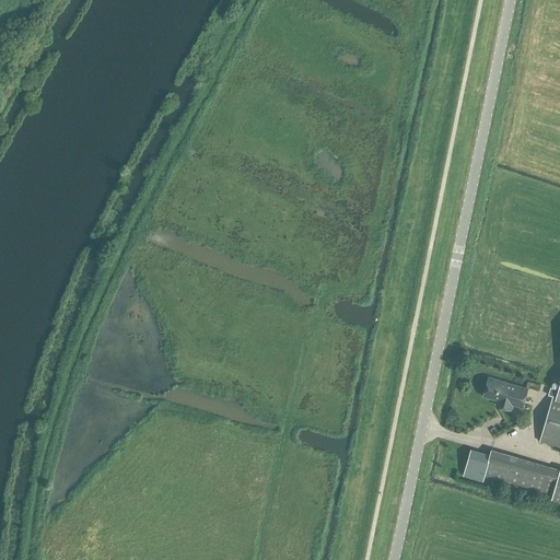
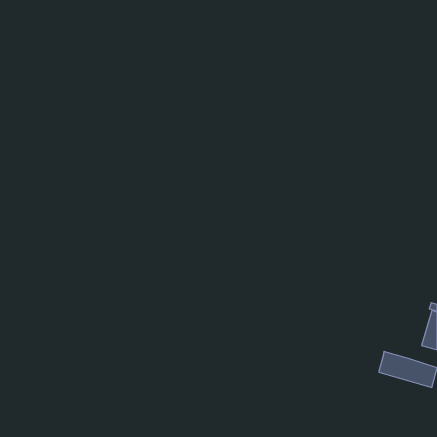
building: [483,378,526,409] -> none
building: [464,450,490,481] -> none

